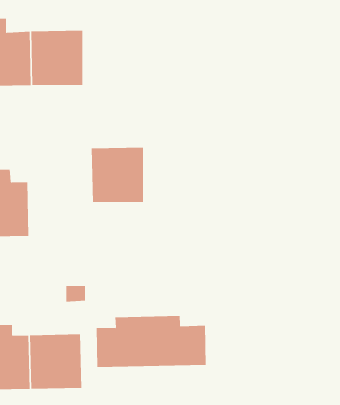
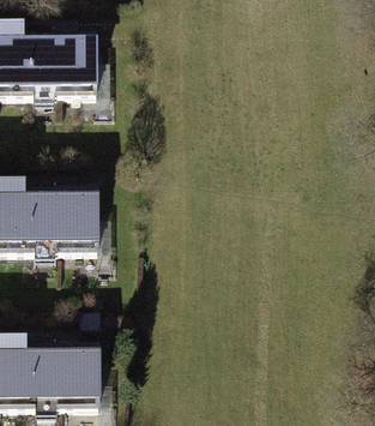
building: [91,147,144,202] -> [43,192,97,248]
building: [96,315,206,368] -> none

